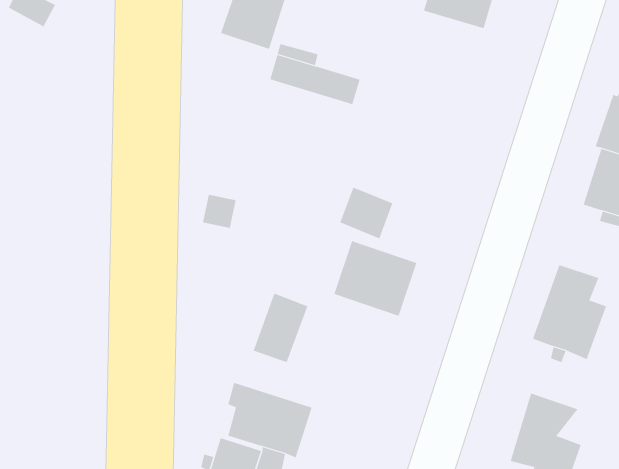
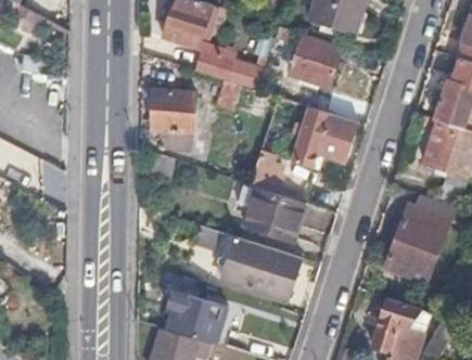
building: none -> [290,37,341,88]
building: none -> [153,89,194,152]
building: none -> [291,108,359,172]
building: none -> [220,235,302,293]

